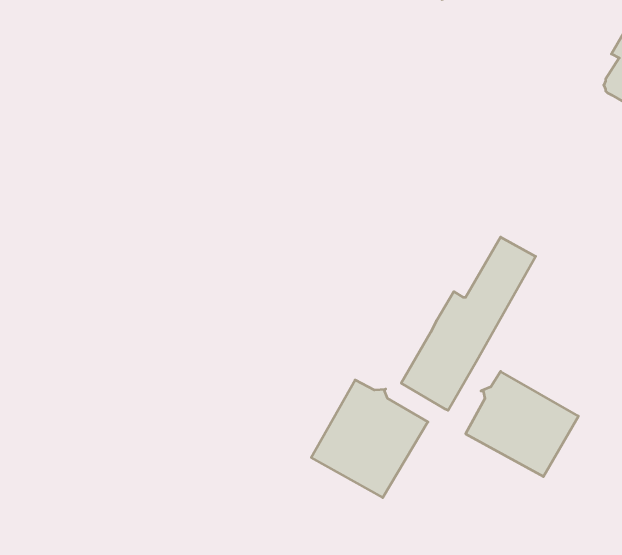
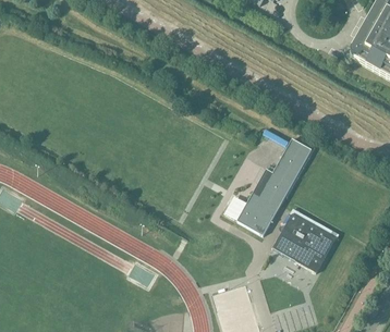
building: [311,380,428,498] -> none

